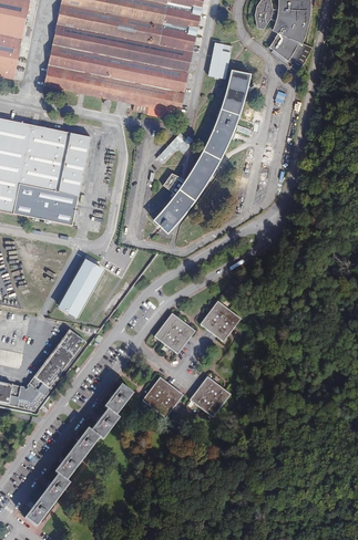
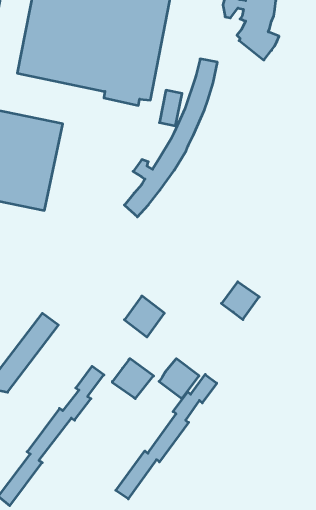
building: [208,42,232,79] -> [159,90,182,126]
building: [55,259,99,316] -> none
building: [200,302,238,341] -> [221,282,259,320]
building: none -> [116,374,217,499]

